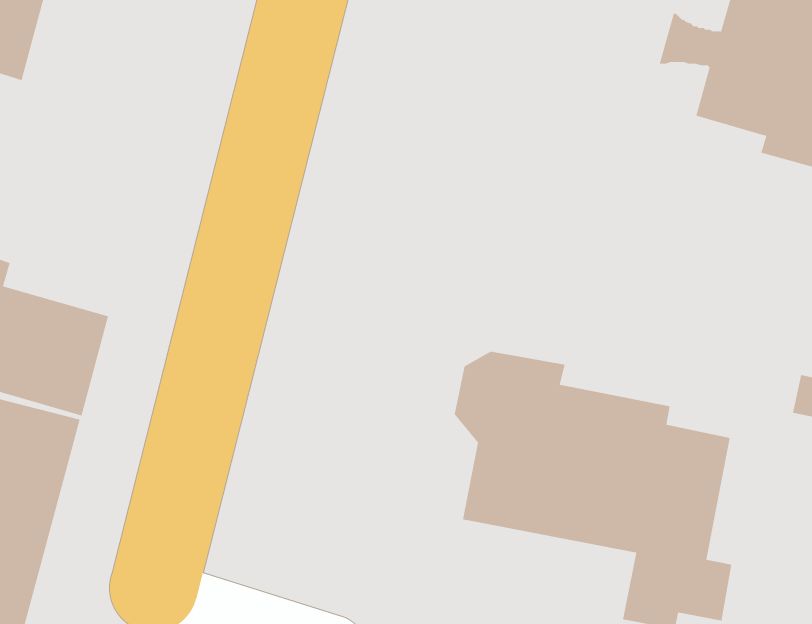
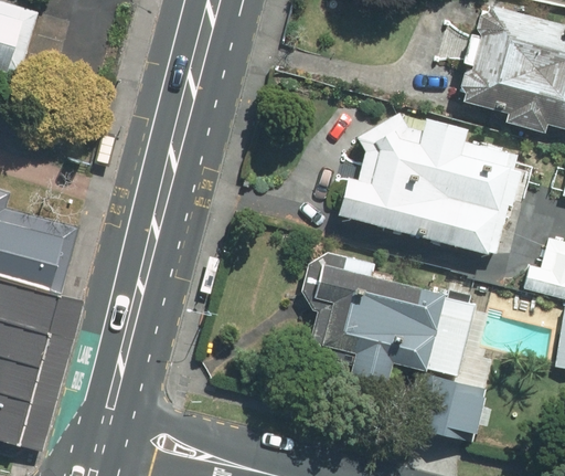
building: none -> [342,114,521,254]

